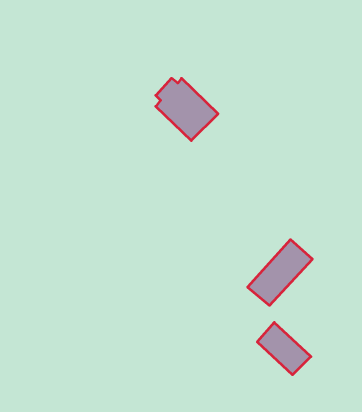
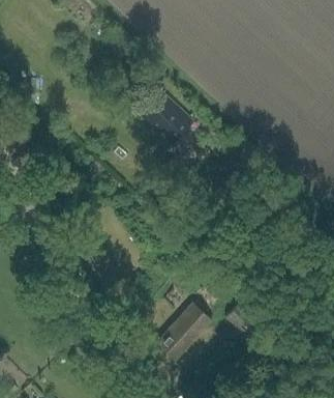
building: [248,240,312,305] -> [156,304,211,360]

